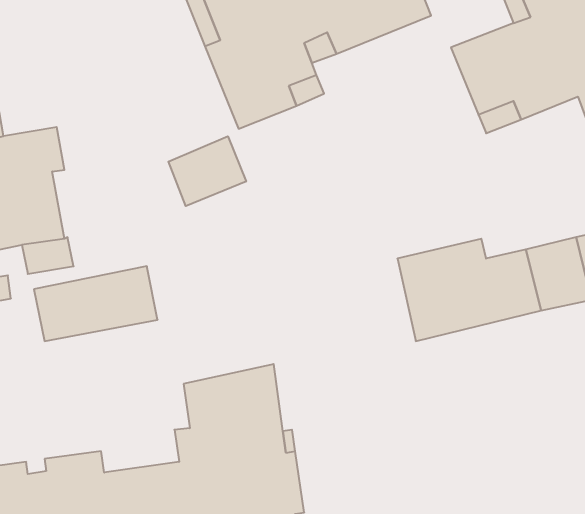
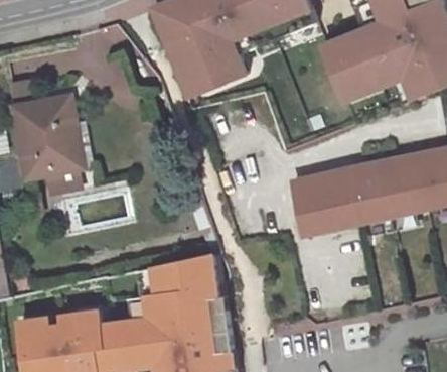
building: [168,136,246,206] -> none
building: none -> [62,122,90,169]

